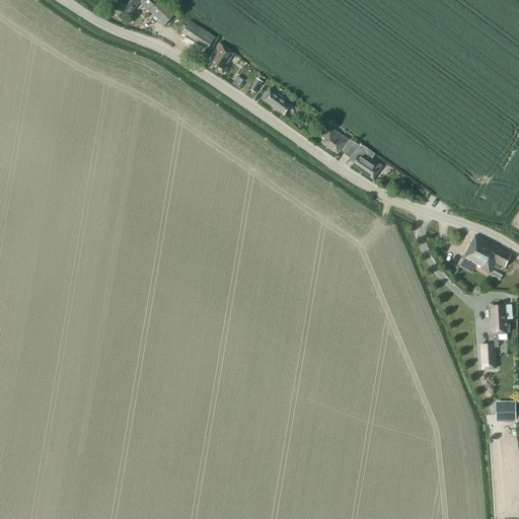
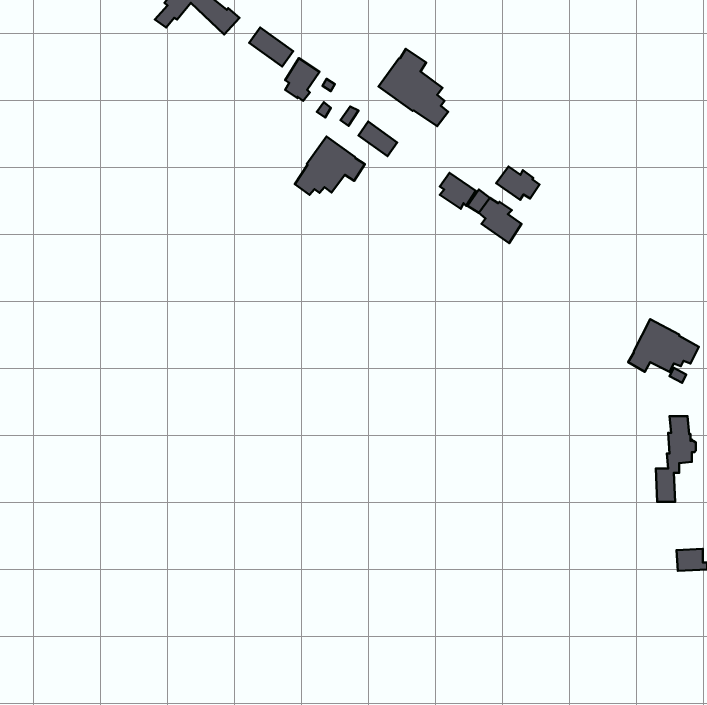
building: none -> [379,49,448,126]
building: none -> [295,136,365,195]
building: none -> [496,167,539,200]

